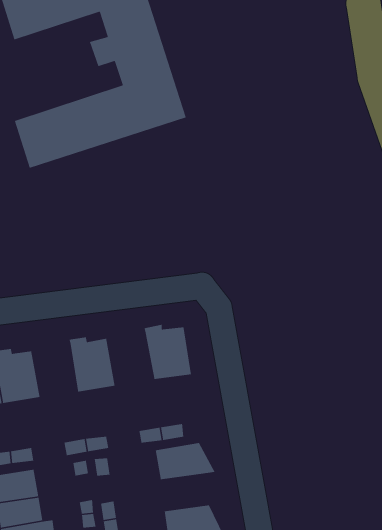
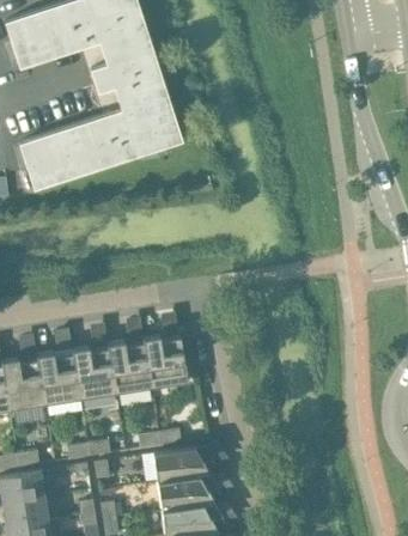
building: none -> [108,341,152,394]
building: none -> [36,352,80,404]
building: none -> [158,476,215,511]

